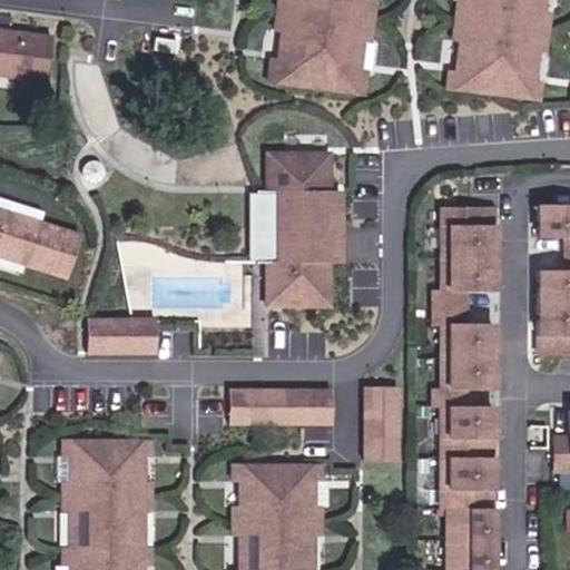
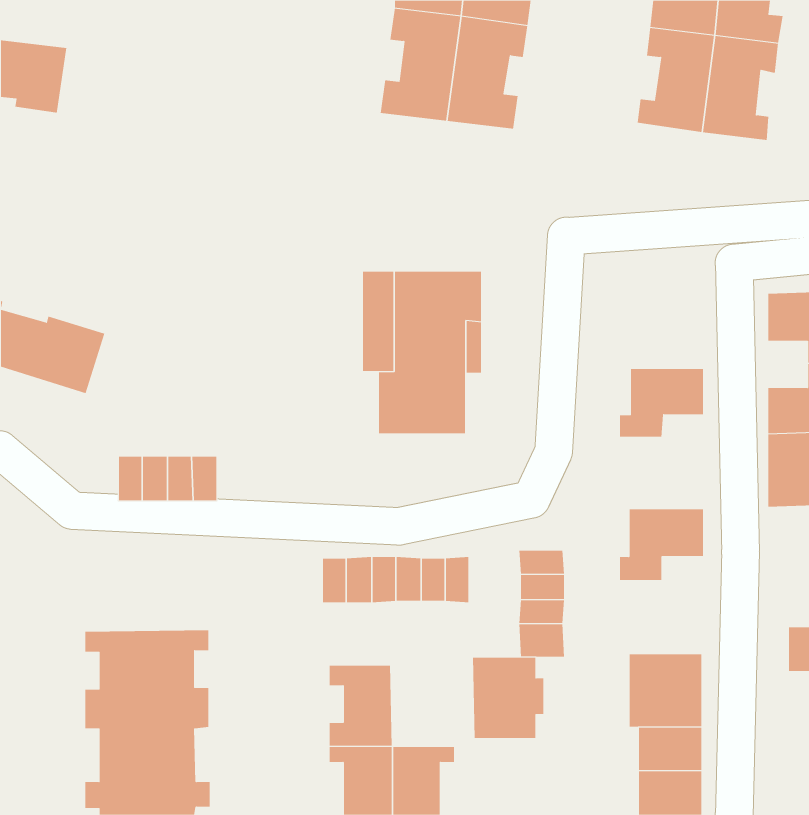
building: [268,153,330,189] -> none
building: [444,206,495,257] -> none
building: [436,305,495,355] -> none
building: [443,405,495,456] -> none
building: [277,464,327,521] -> [472,657,544,738]

